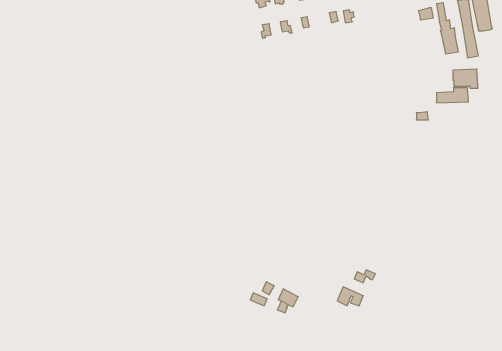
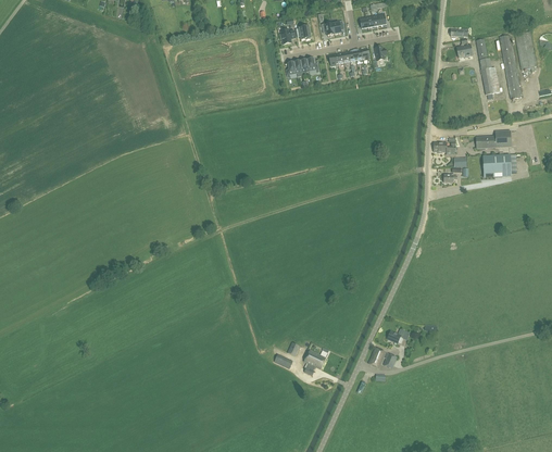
building: [453,69,478,88] -> [484,154,511,175]

